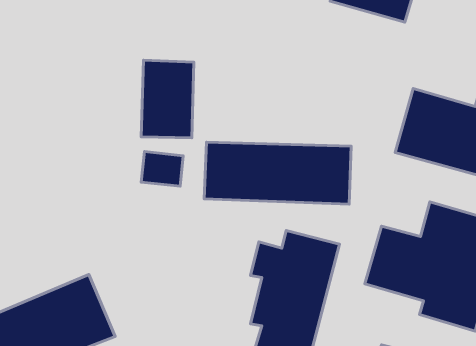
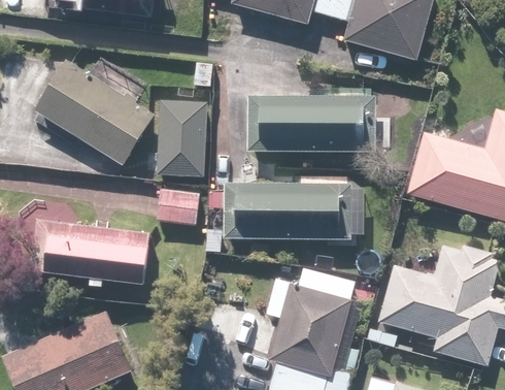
building: none -> [32,61,156,167]
building: none -> [246,97,375,152]
building: none -> [31,221,149,285]

